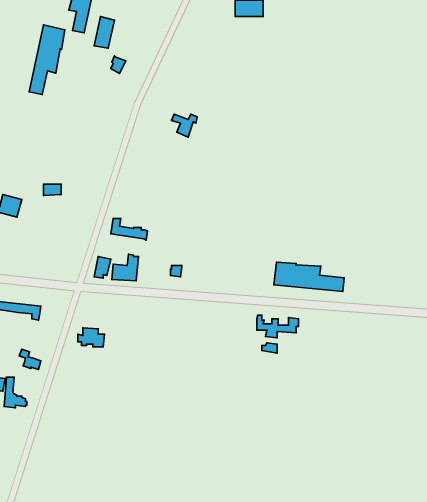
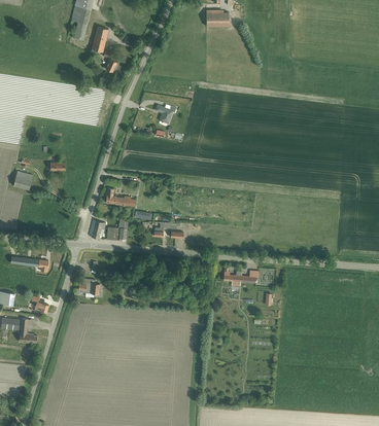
building: [29,25,65,95] -> none
building: [274,262,344,291] -> none

